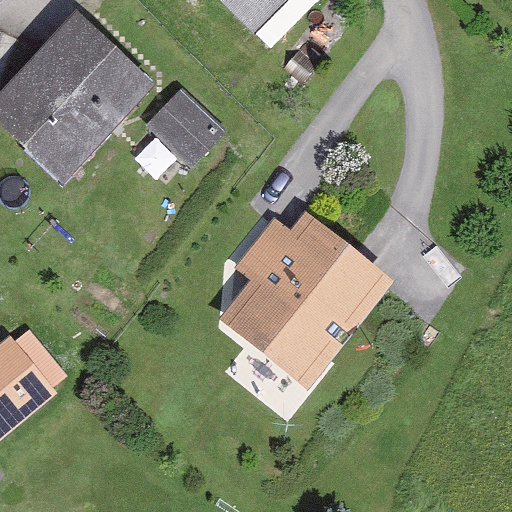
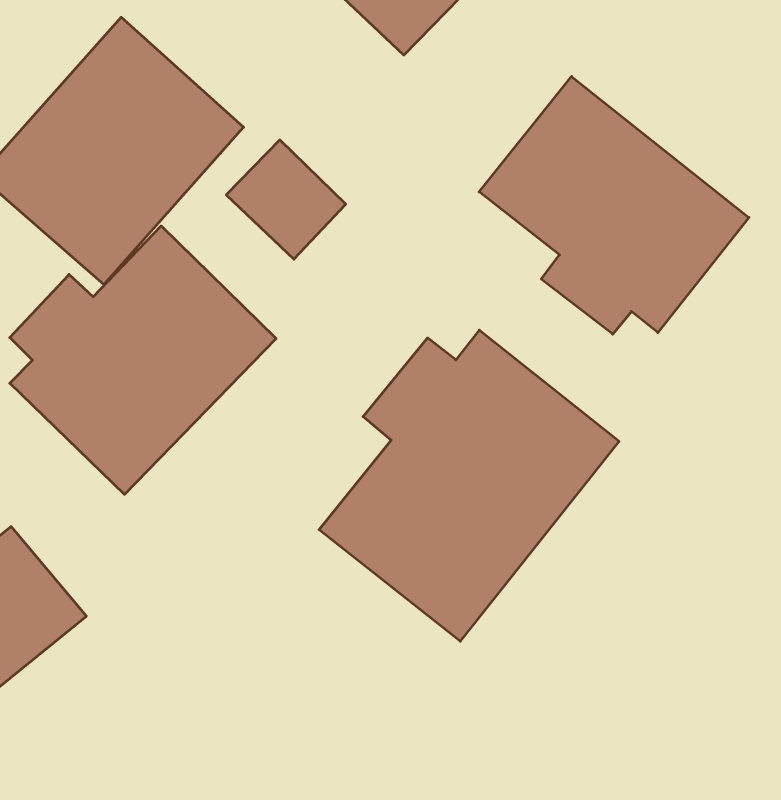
building: none -> [479,76,749,334]
building: none -> [10,226,276,494]

